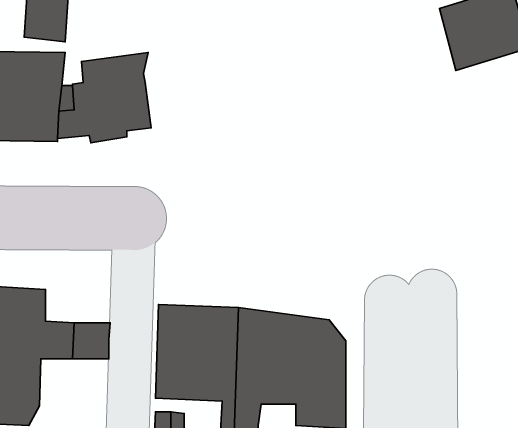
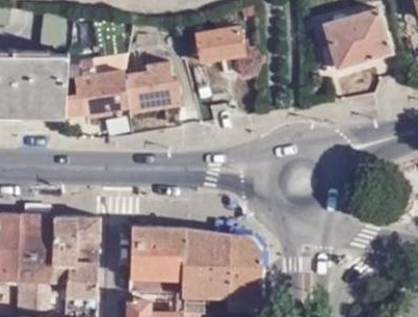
building: none -> [194,27,241,61]
building: none -> [123,62,179,111]
building: none -> [54,217,100,240]
building: none -> [66,265,98,298]

